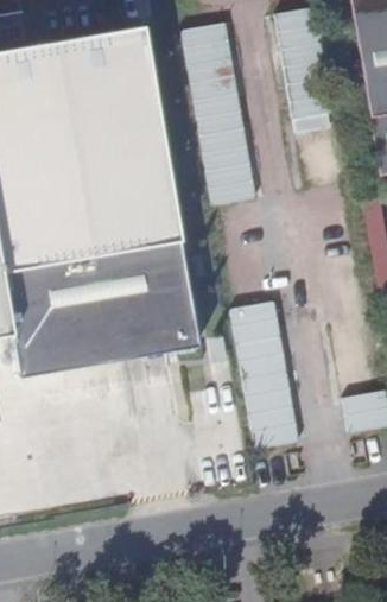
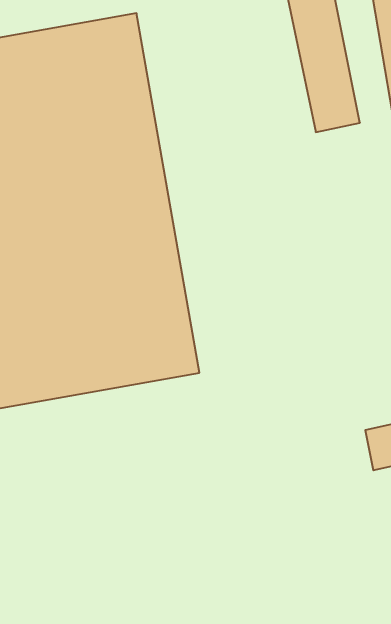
building: [184,19,259,203] -> none
building: [230,298,299,446] -> none

